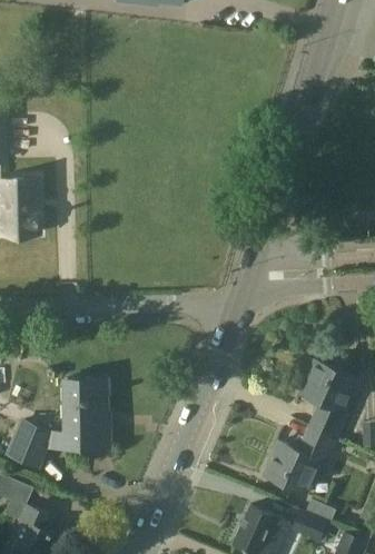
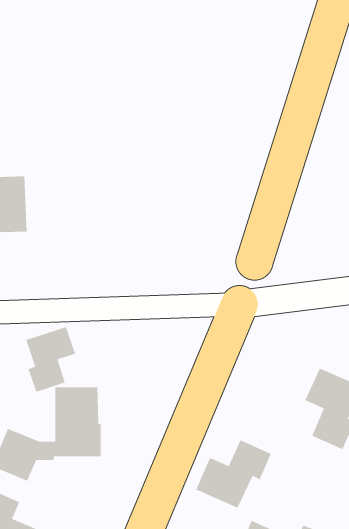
building: none -> [25,326,76,393]
building: [264,426,336,492] -> [195,439,272,509]

